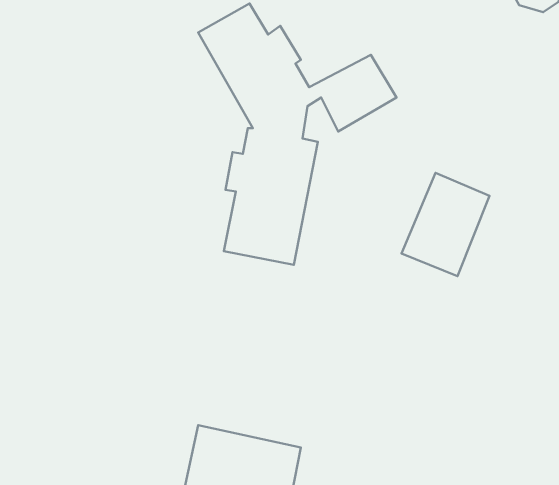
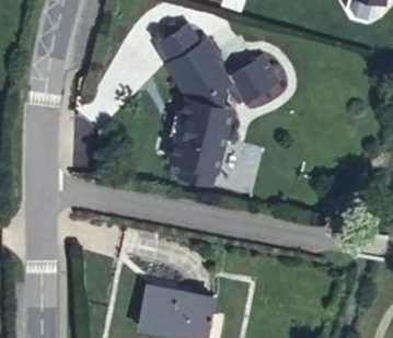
building: [401,173,489,276] -> none

